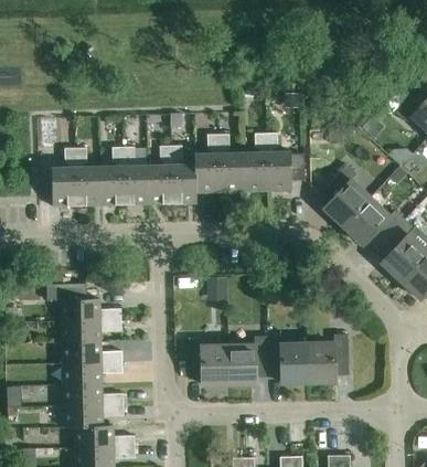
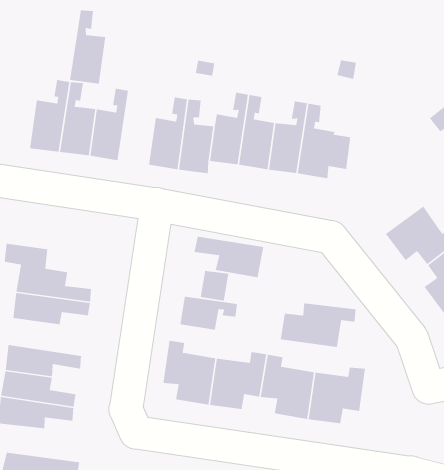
building: [124,146,149,204] -> [69,9,106,84]
building: [323,164,371,225] -> none
building: none -> [193,236,264,278]
building: none -> [280,302,356,348]
building: none -> [179,296,238,330]
building: [63,341,122,363] -> none
building: [75,425,136,448] -> none

